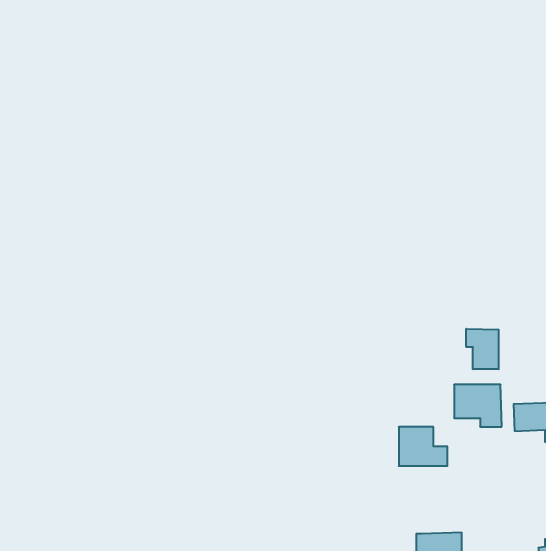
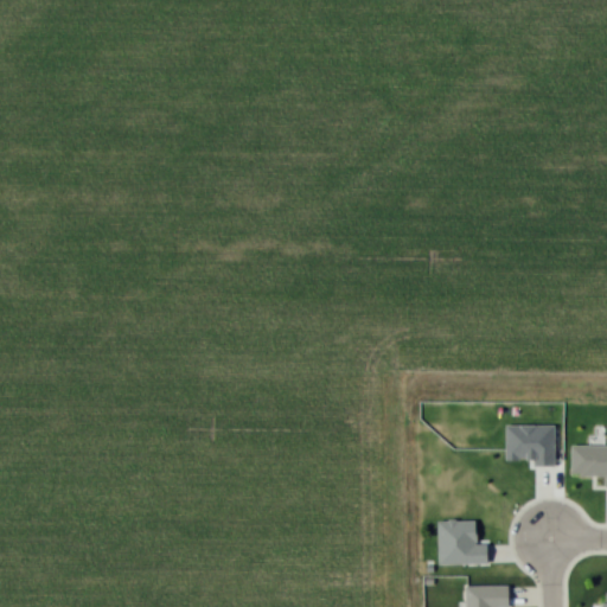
building: [466,329,499,369] -> none
building: [399,427,447,466] -> [439,522,492,564]

